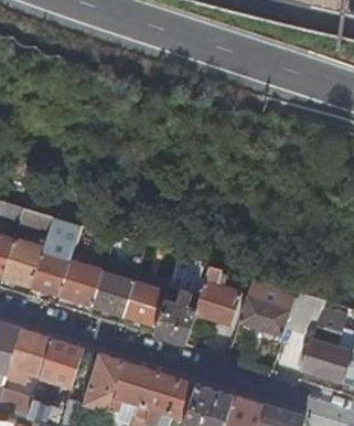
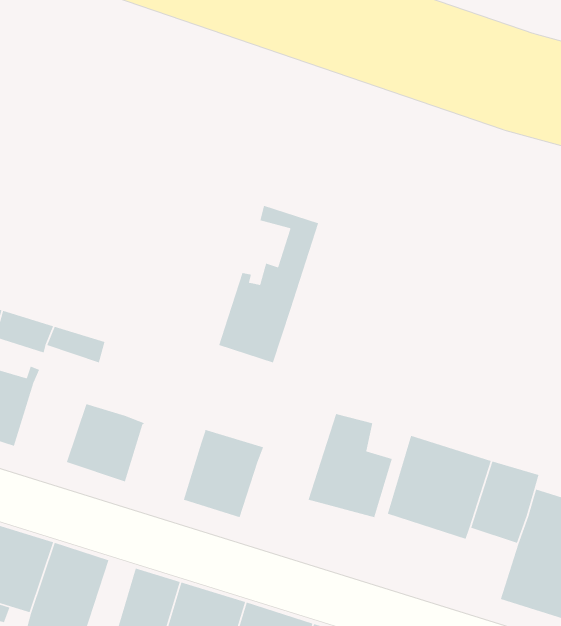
building: [29,249,71,294] -> none
building: [151,256,207,344] -> [218,205,319,364]
building: [90,273,135,315] -> none

